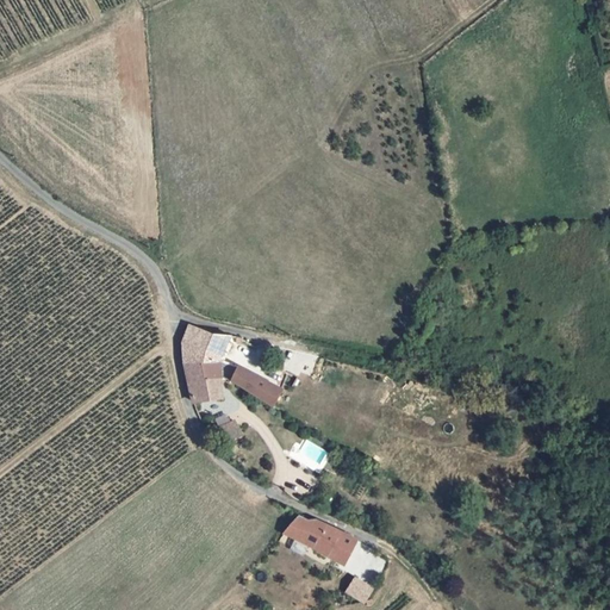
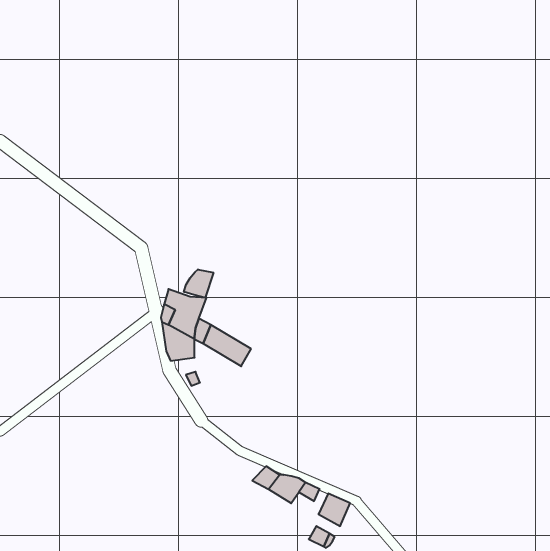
building: none -> [184,269,213,298]

